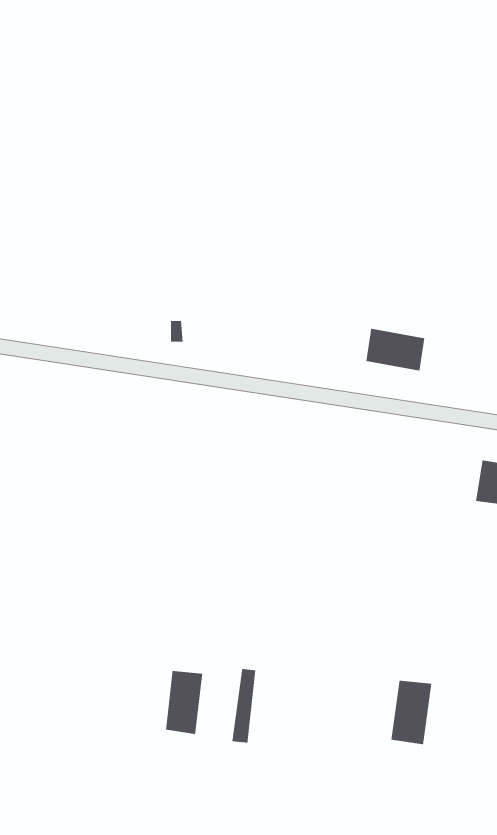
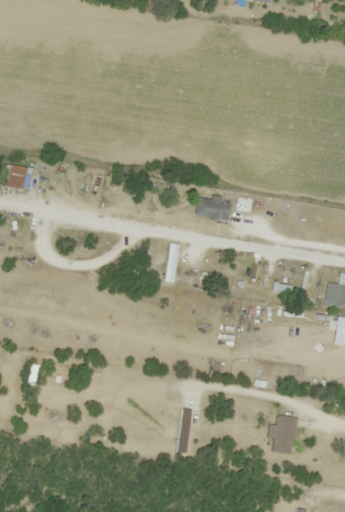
building: [366,328,425,371] -> [196,195,232,221]
building: [166,670,203,735] -> none

